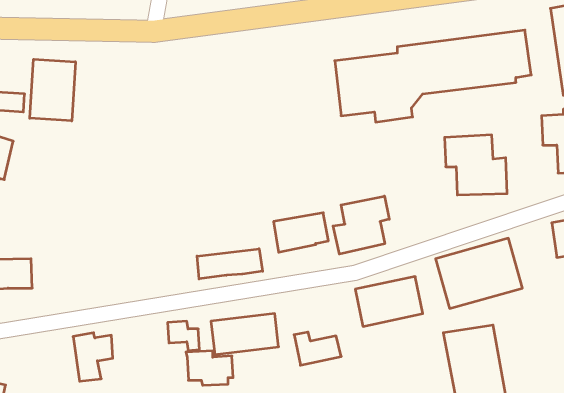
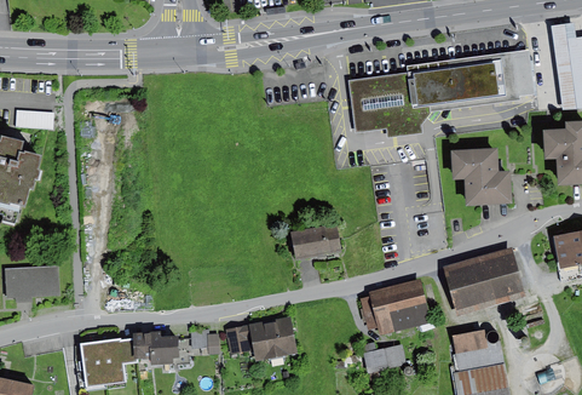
building: [30,59,75,121] -> none
building: [333,196,389,254] -> none
building: [197,249,263,279] -> none
building: [294,332,341,365] -> [361,340,405,372]
building: none -> [81,340,105,385]
building: [186,351,233,385] -> [134,333,179,366]

